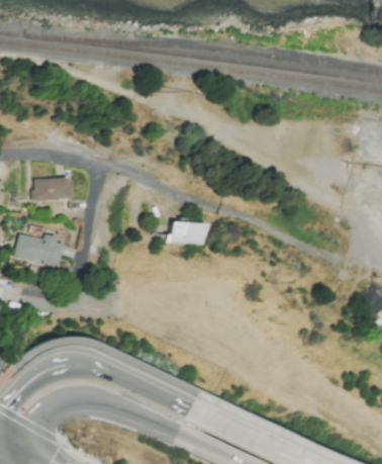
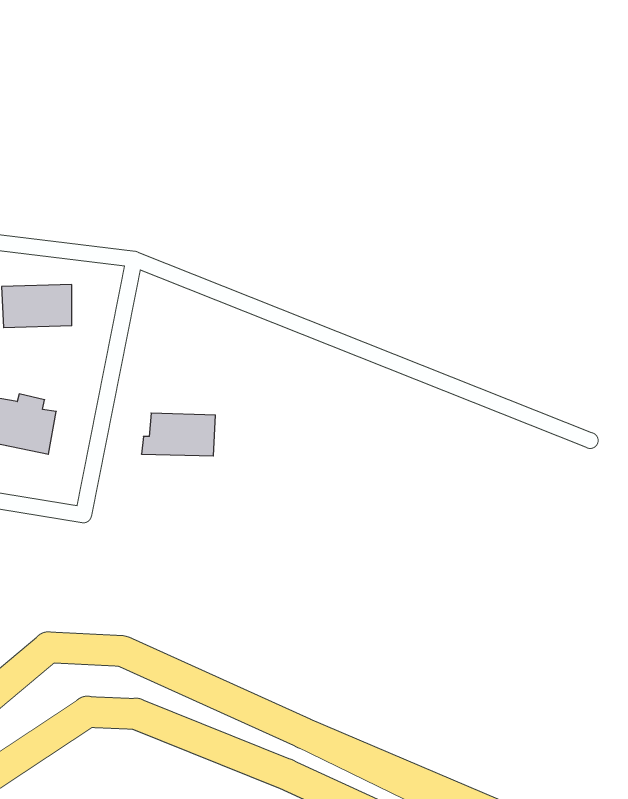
building: [168,221,206,244] -> [141,413,215,456]

